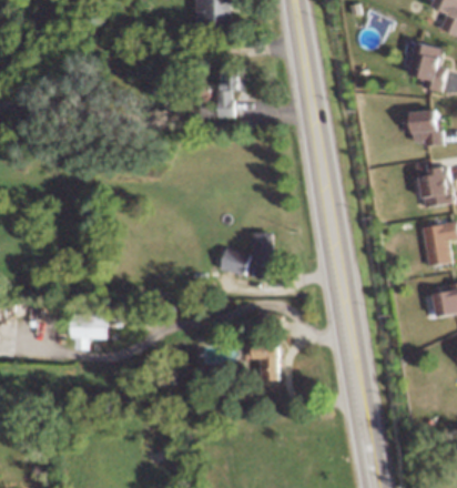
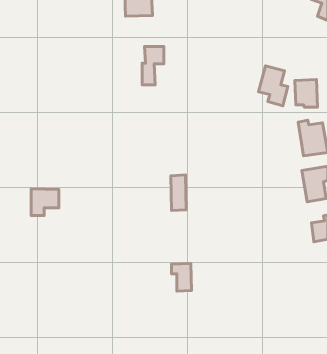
building: [409,41,447,92] -> [258,66,288,106]
building: [220,247,250,275] -> none
building: [70,314,105,348] -> [31,189,59,216]

